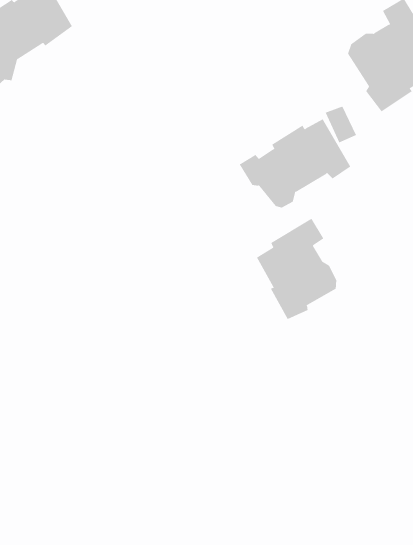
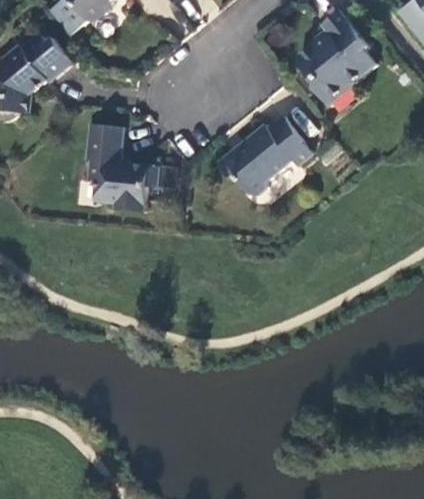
building: none -> [86,123,159,211]
building: [256,218,337,320] -> none

